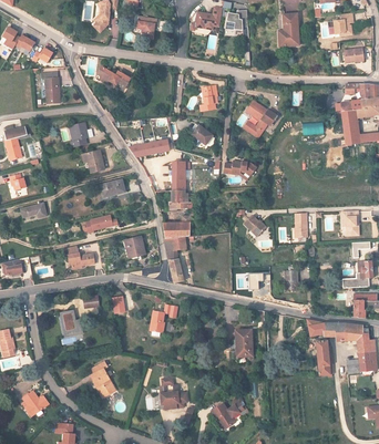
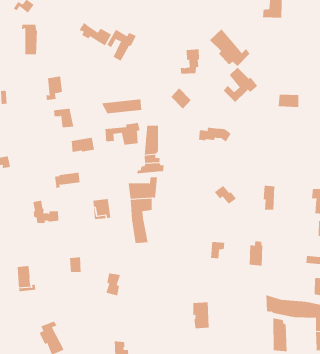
building: none -> [209,28,250,67]
building: none -> [107,29,137,62]
building: none -> [105,122,140,146]

